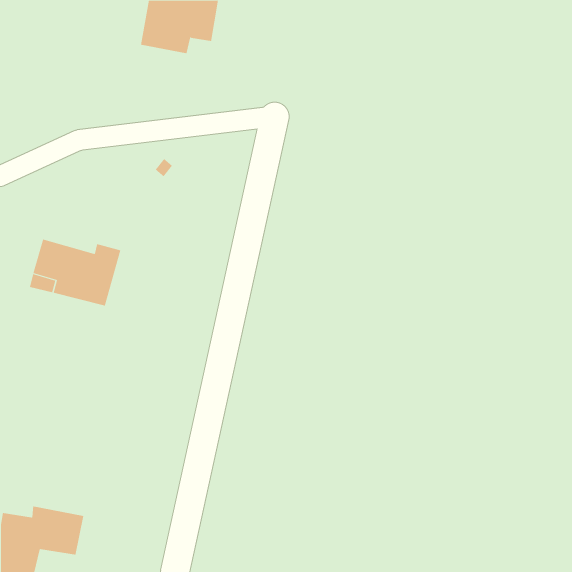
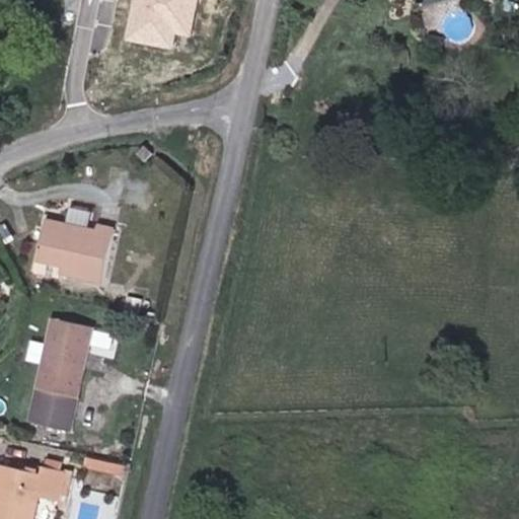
building: none -> [26,317,91,432]

